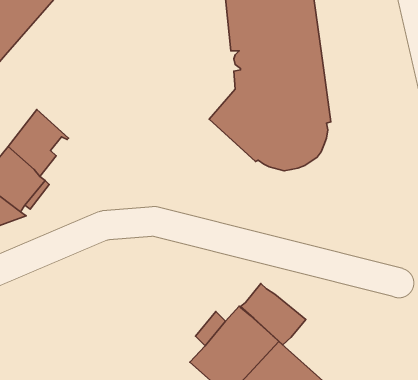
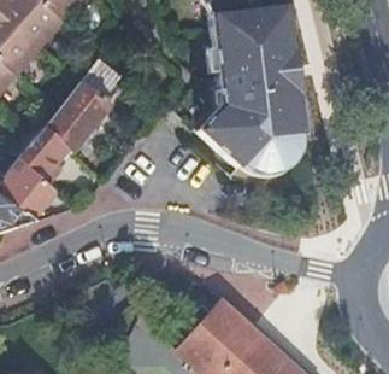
building: none -> [47,55,123,148]
building: [241,284,306,345] -> none

